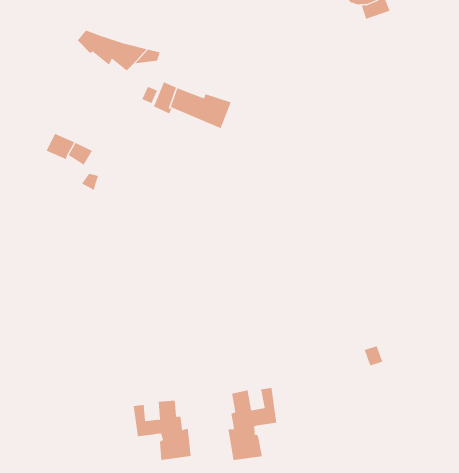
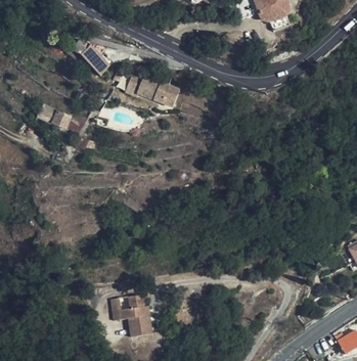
building: [228,387,277,461] -> none

